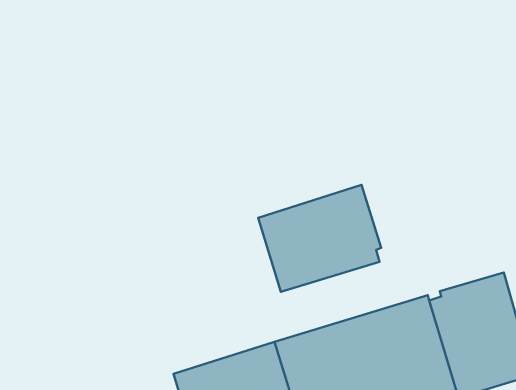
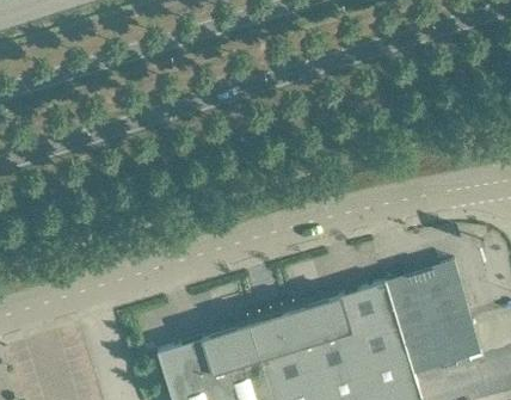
building: [258,185,381,292] -> none

